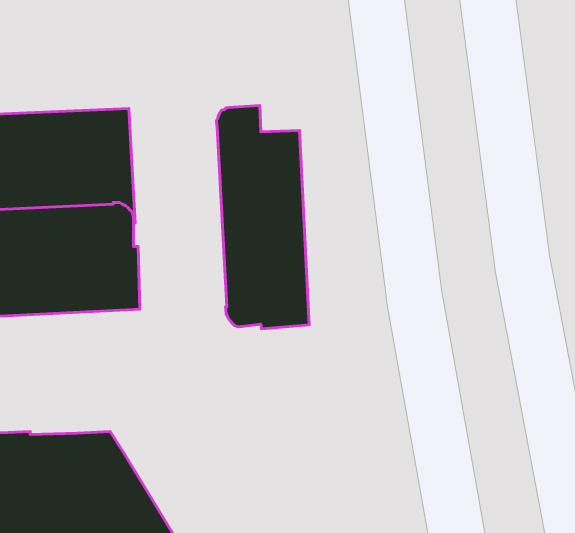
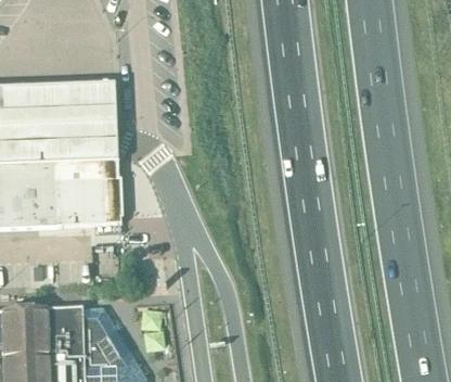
building: [216,106,309,329] -> none

